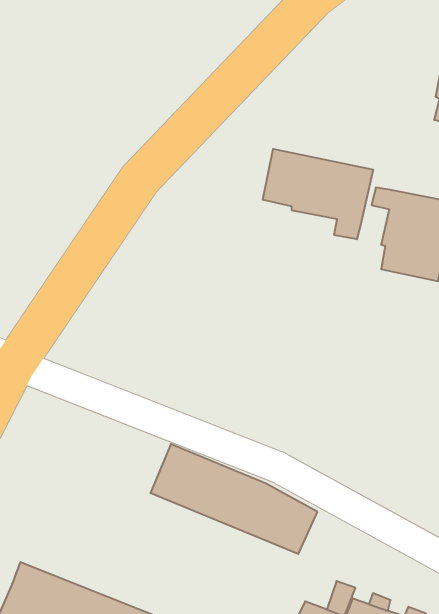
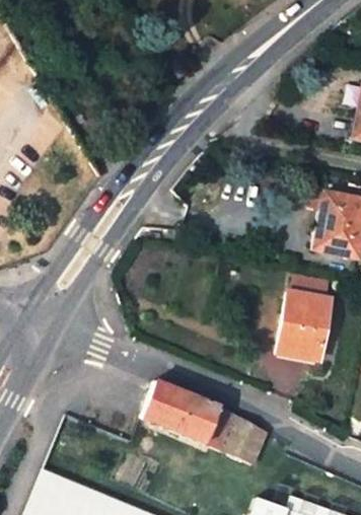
building: [263,149,373,239] -> none
building: none -> [276,276,330,362]

